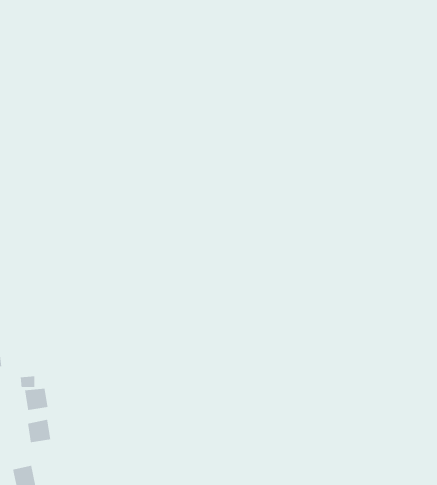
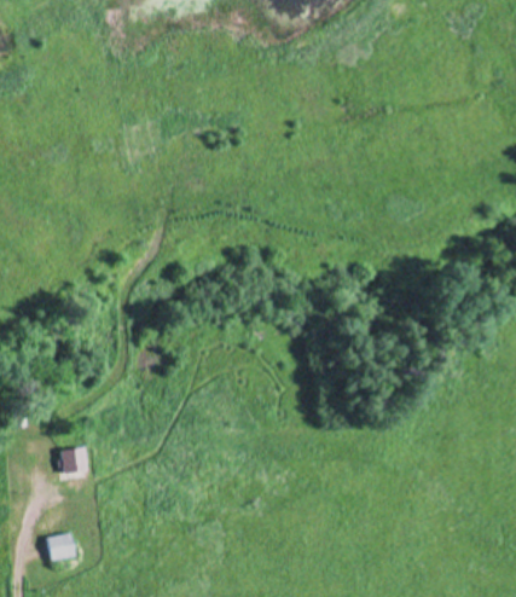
building: [27,419,51,443] -> none

